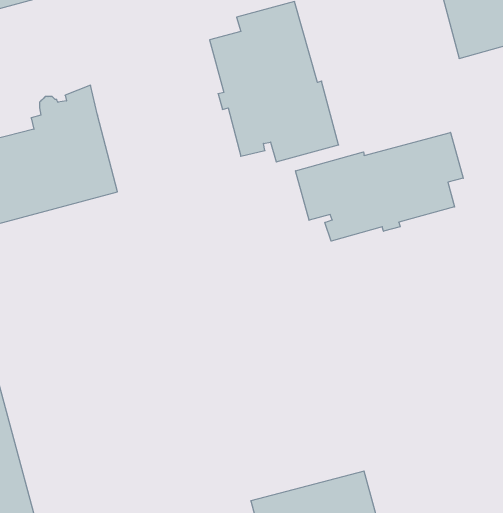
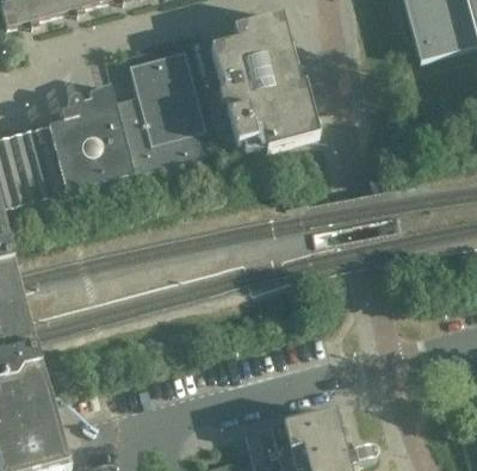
building: none -> [116,50,205,174]
building: [296,132,463,241] -> none

